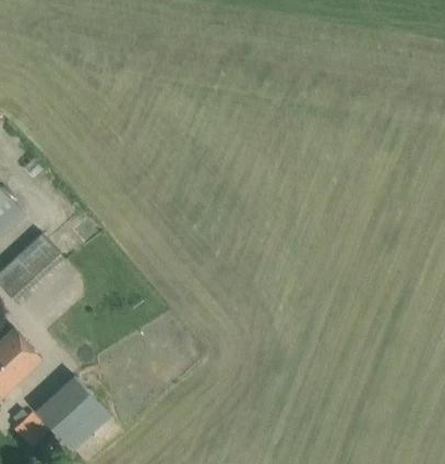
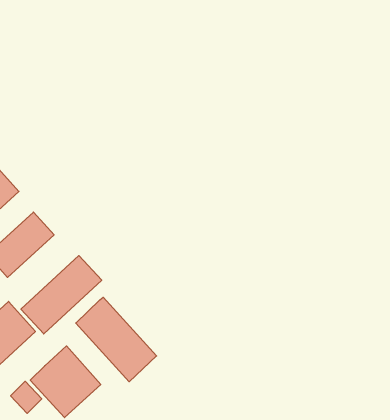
building: none -> [21,256,102,334]
building: none -> [76,297,157,382]

